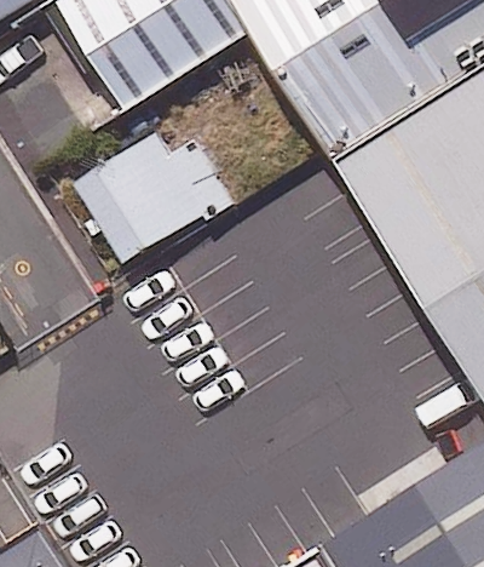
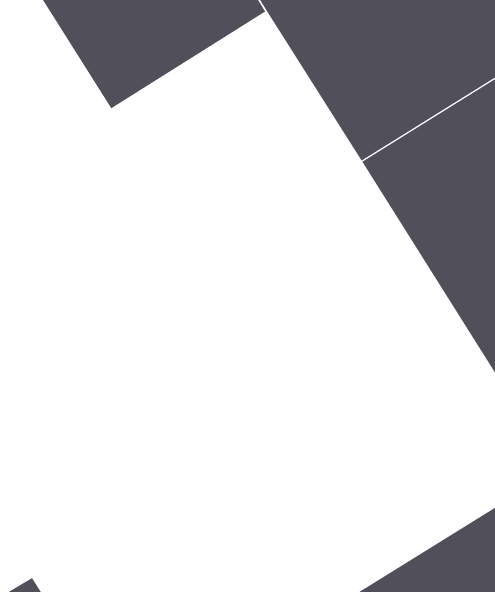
building: [73,134,231,270] -> none

